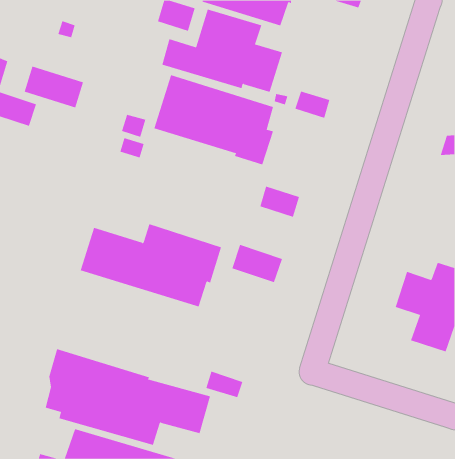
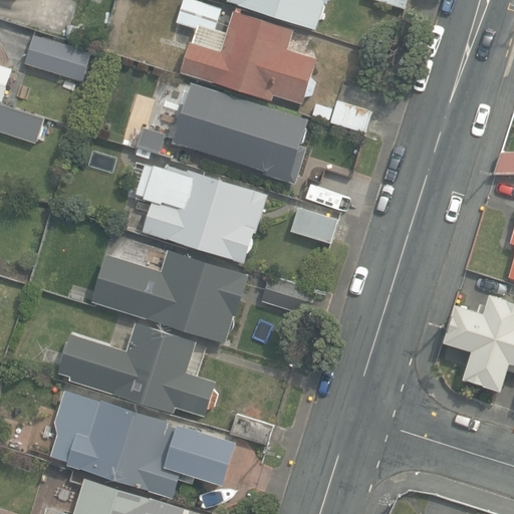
building: [24,66,84,108] -> [21,33,88,80]
building: none -> [142,169,266,264]
building: none -> [55,320,216,416]

